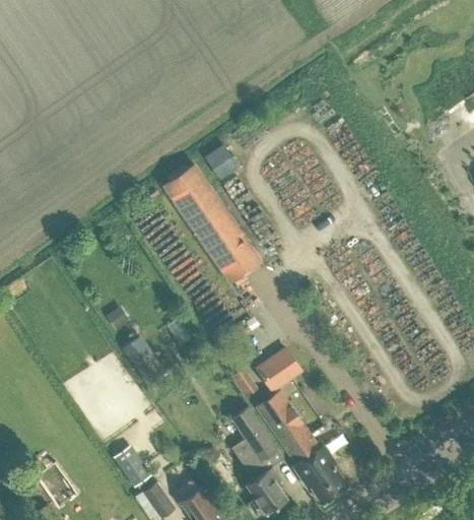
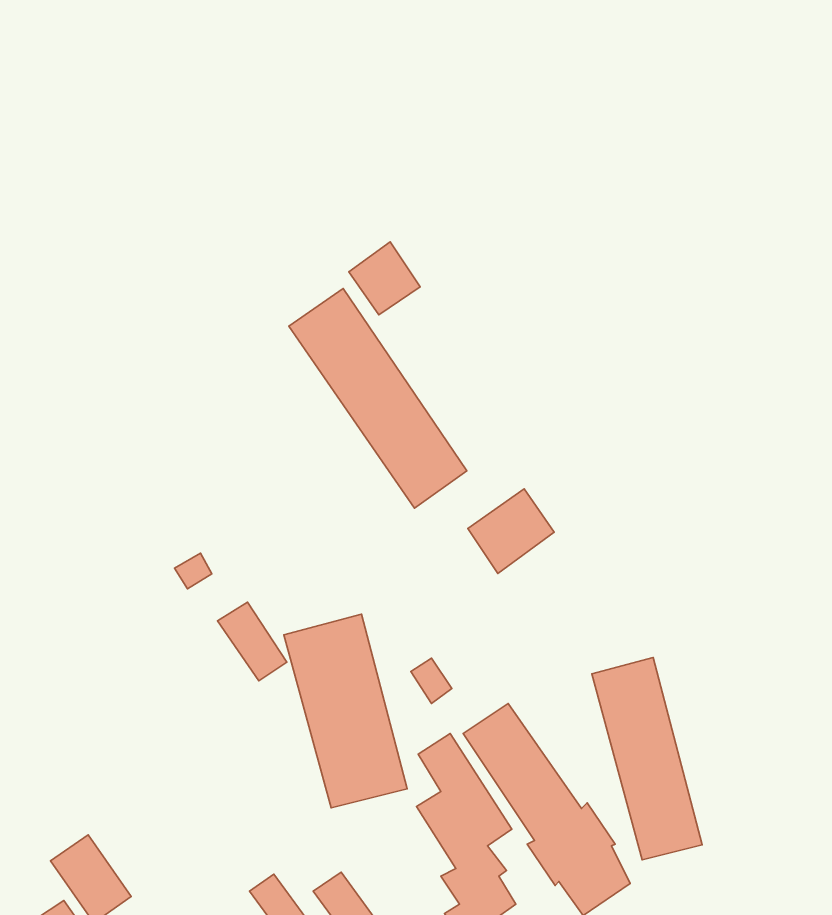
building: none -> [284,614,407,808]
building: [256,345,302,391] -> [468,489,554,573]
building: none -> [592,658,702,860]
building: [111,450,145,489] -> none

